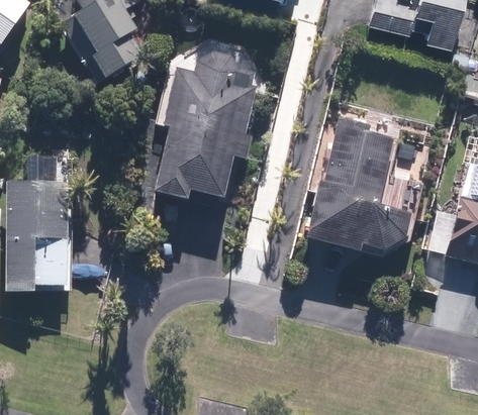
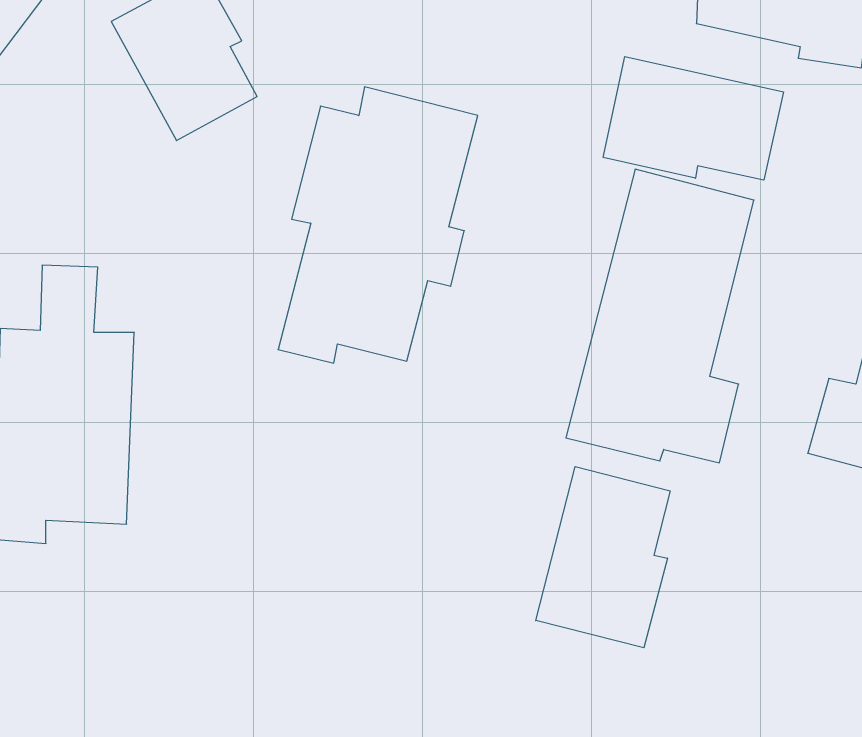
building: none -> [603,57,783,180]
building: none -> [536,467,670,648]

